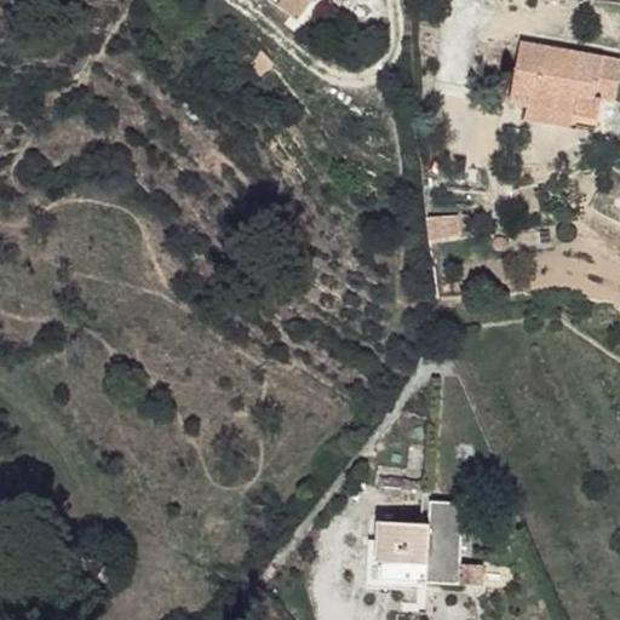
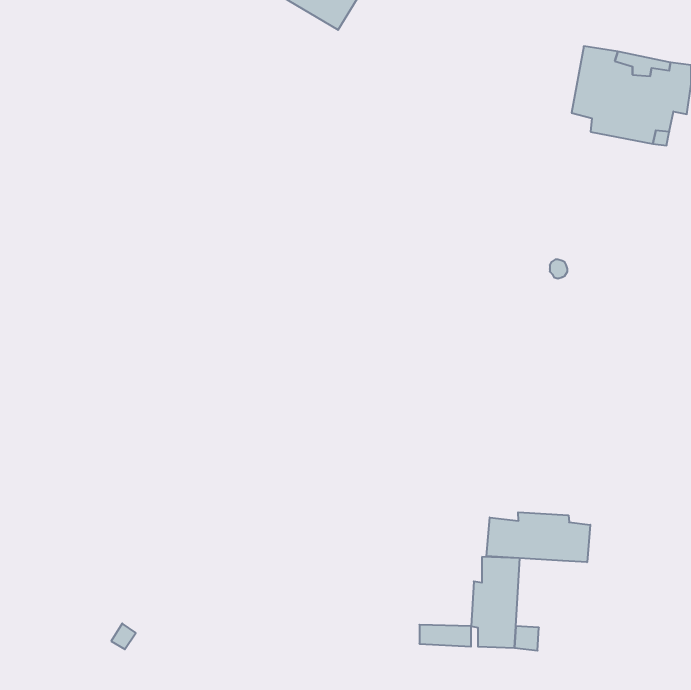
building: none -> [486,512,590,562]
building: [374,516,423,558] -> none

